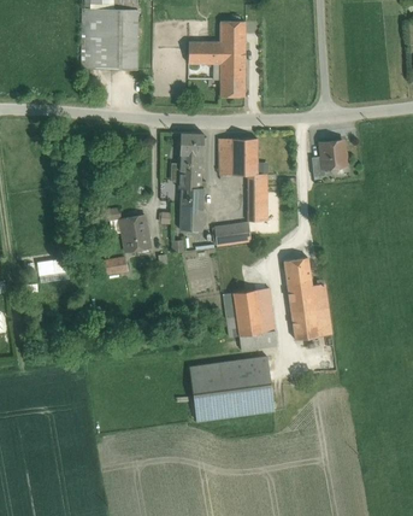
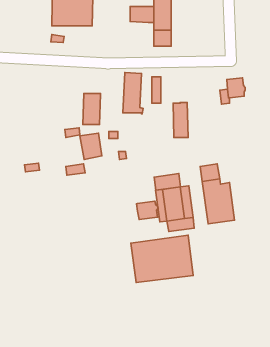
building: [230,139,256,175] -> none
building: [179,188,203,230] -> [83,94,100,124]
building: [214,223,250,246] -> [154,174,180,190]
building: none -> [136,201,158,220]

